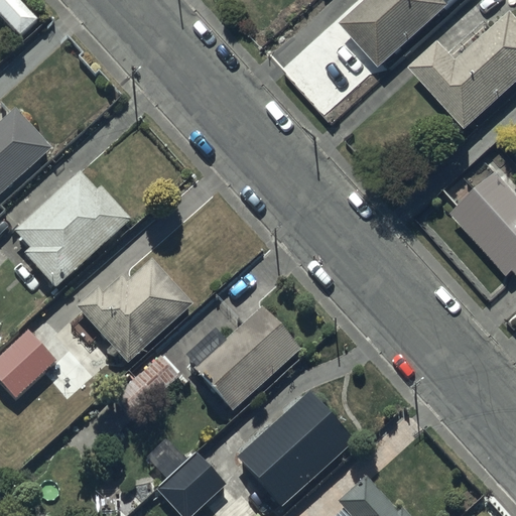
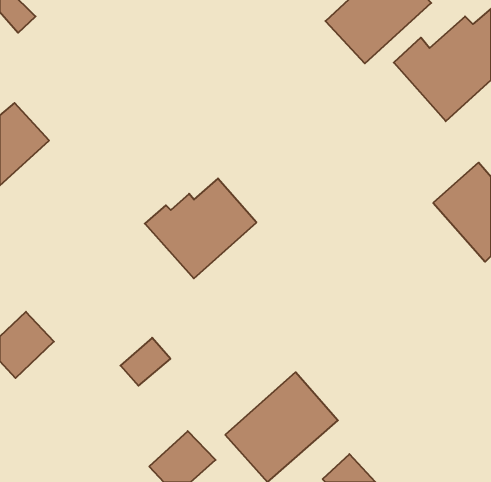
building: [14,171,130,288] -> none
building: [76,258,192,363] -> [145,178,256,278]
building: [194,306,299,411] -> none

